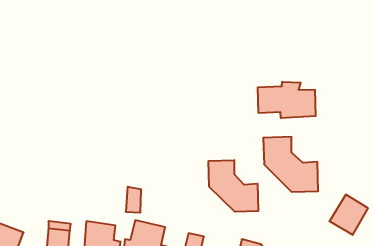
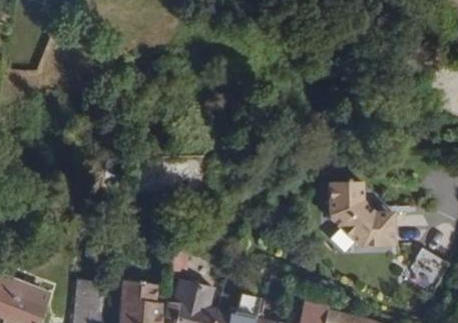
building: [258,82,316,118] -> none
building: [209,160,258,212] -> none

